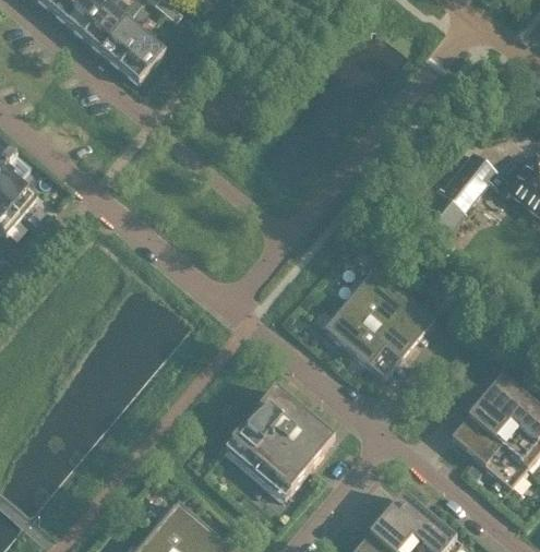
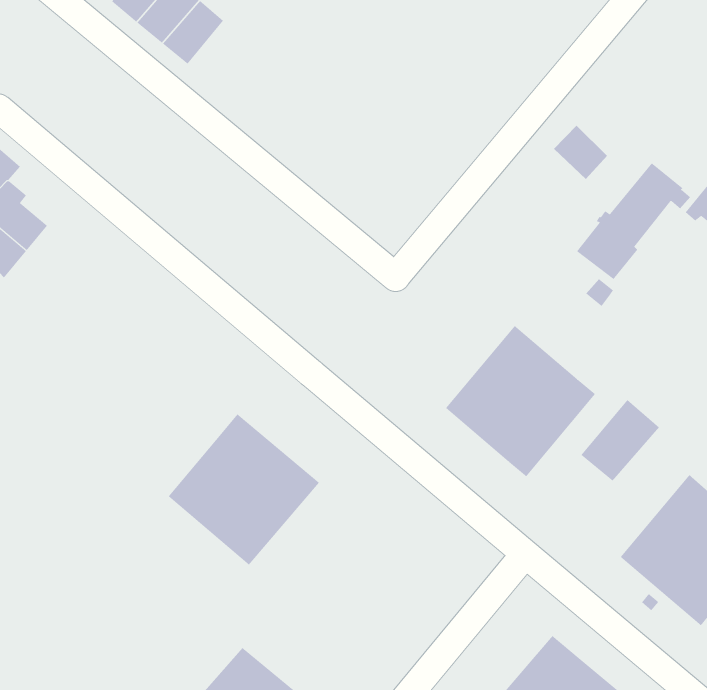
building: none -> [553,125,608,180]
building: none -> [581,399,660,481]
building: [224,387,334,497] -> [168,413,320,566]

